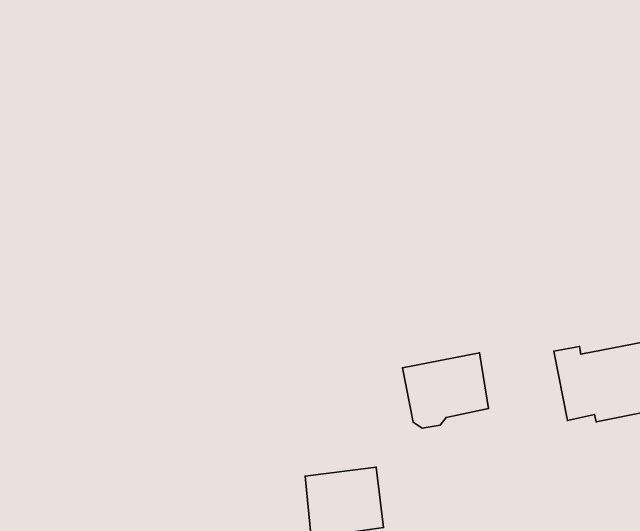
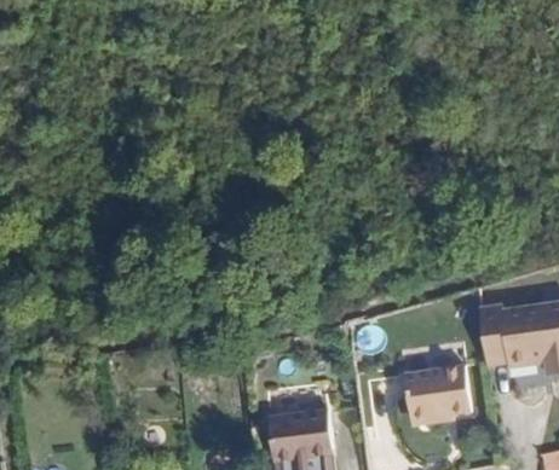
building: [403,353,488,428] -> [397,364,466,424]

